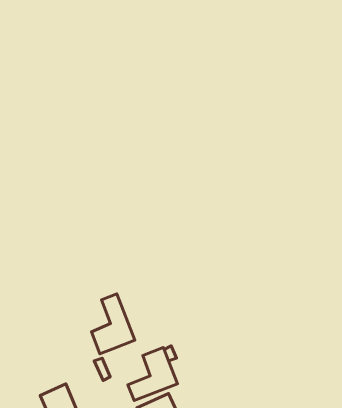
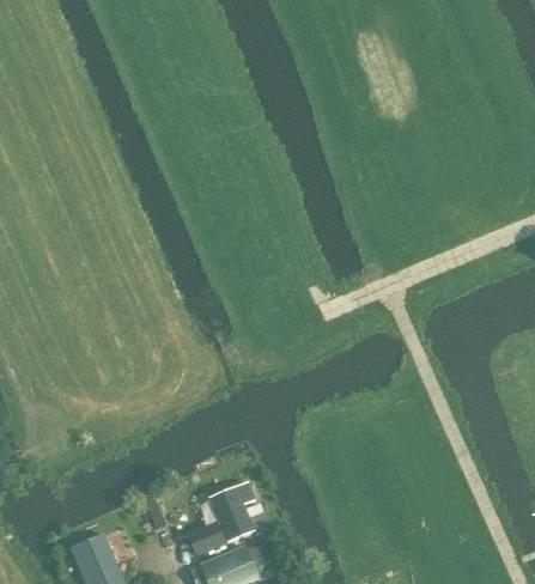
building: [91,294,135,354] -> none

